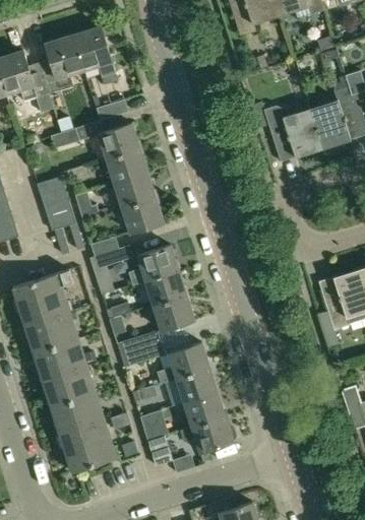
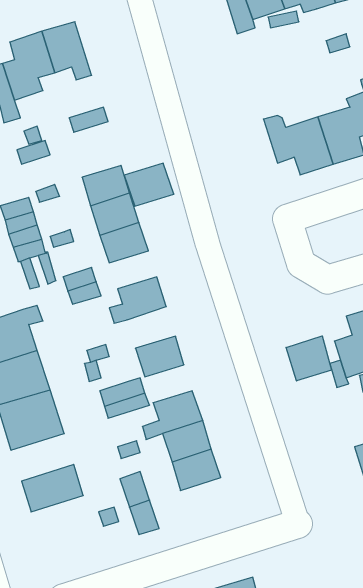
building: [98,123,140,159] -> [124,163,174,206]
building: [145,270,187,306] -> none
building: none -> [286,336,331,381]
building: [46,379,100,419] -> none
building: [181,416,236,463] -> none
building: [63,432,117,472] -> none

